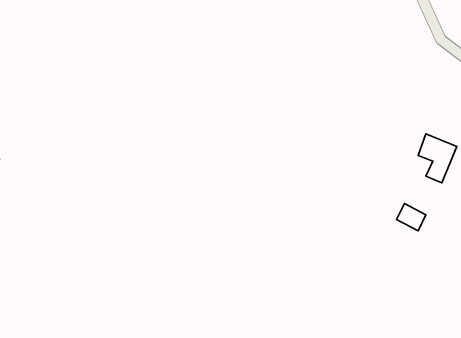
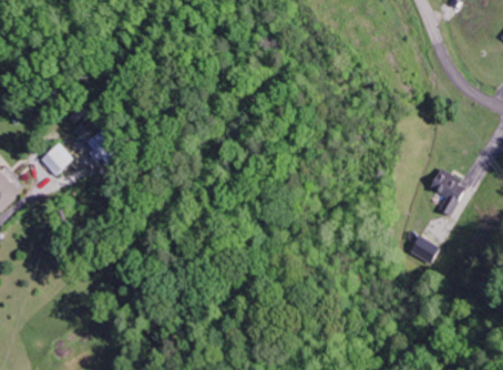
building: none -> [41,142,75,176]

